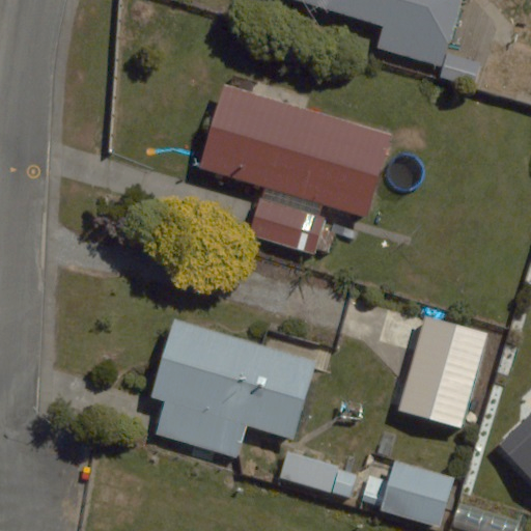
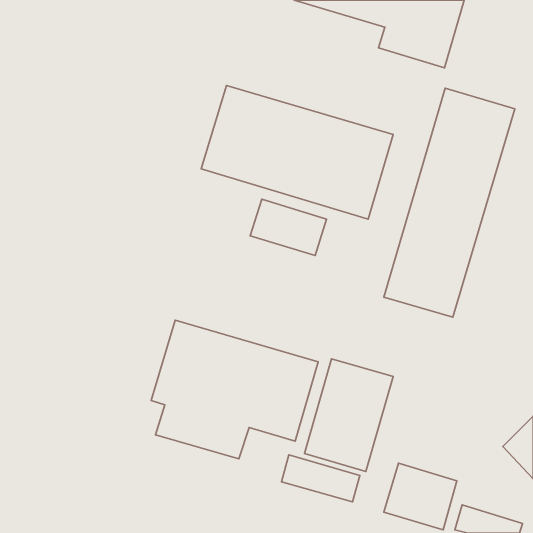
building: none -> [384,88,515,317]
building: [398,316,486,428] -> [304,359,393,471]

